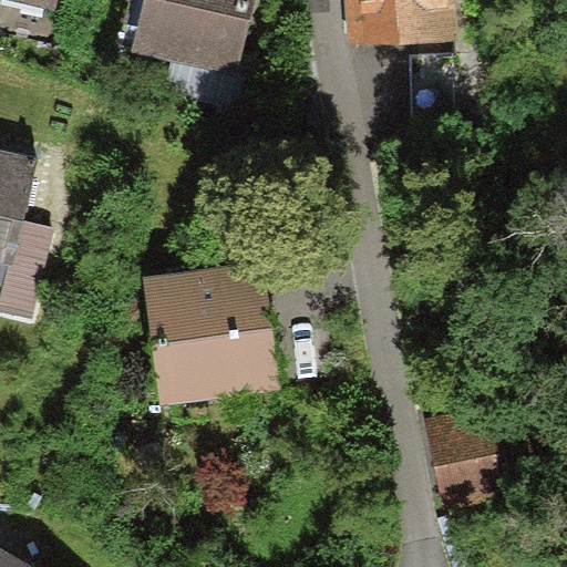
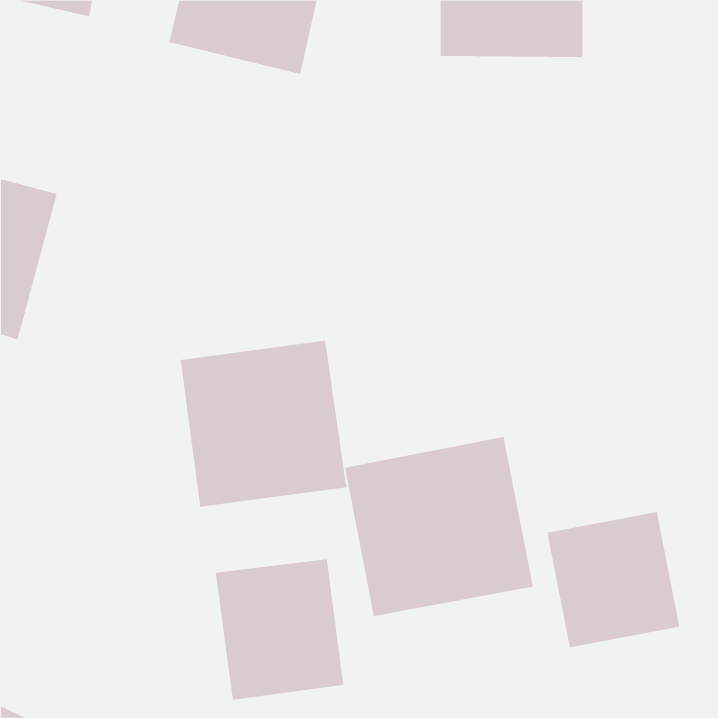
building: none -> [344,436,533,617]
building: none -> [215,558,344,700]

